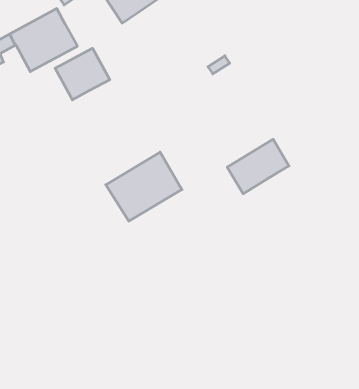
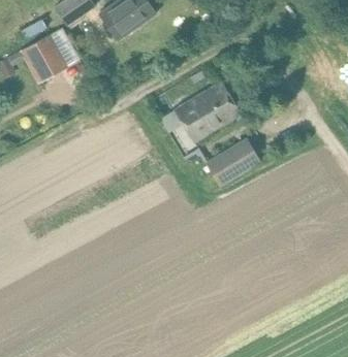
building: [55,48,110,100] -> none
building: [106,152,182,221] -> [175,83,240,141]

